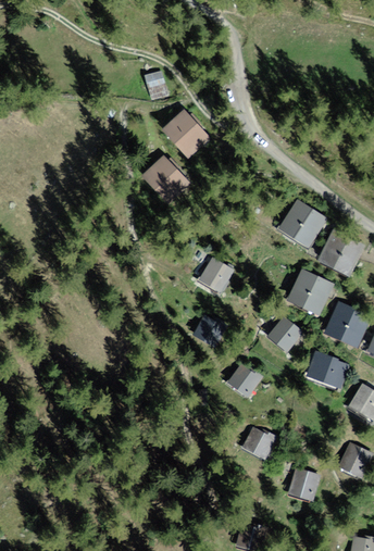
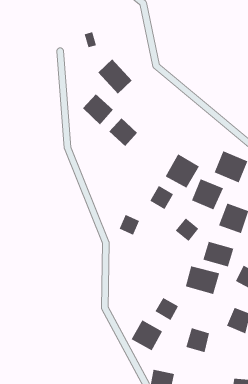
building: none -> [108,117,138,147]
building: [279,201,326,248] -> [165,154,200,189]
building: [197,261,229,293] -> [149,185,174,210]
building: [224,364,258,398] -> none
building: none -> [185,265,220,295]
building: none -> [131,319,163,351]

